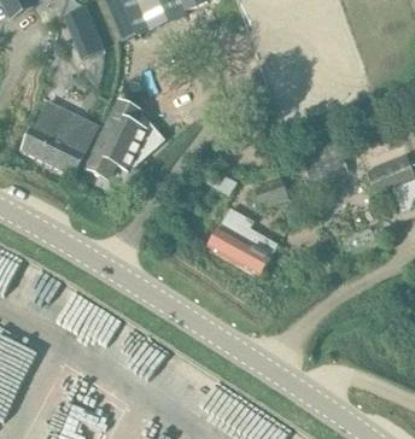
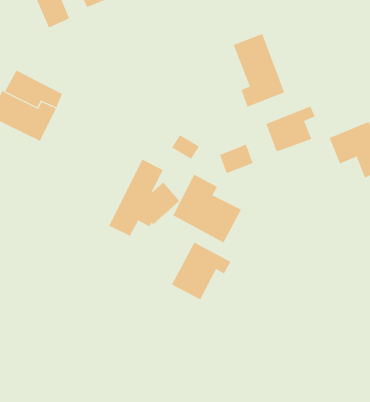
building: none -> [233,33,285,107]
building: [84,99,157,177] -> [109,159,180,237]
building: none -> [171,242,231,300]

